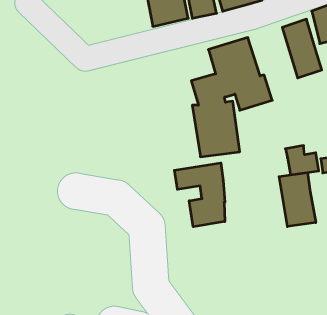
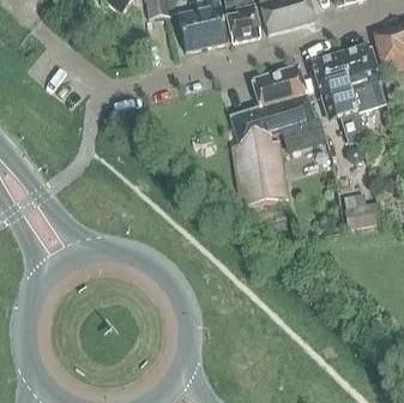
building: none -> [310,53,364,145]
building: [174,163,225,227] -> none
building: [279,173,316,227] -> none

